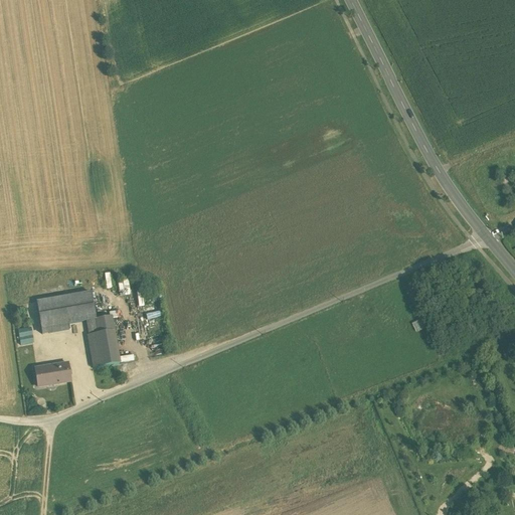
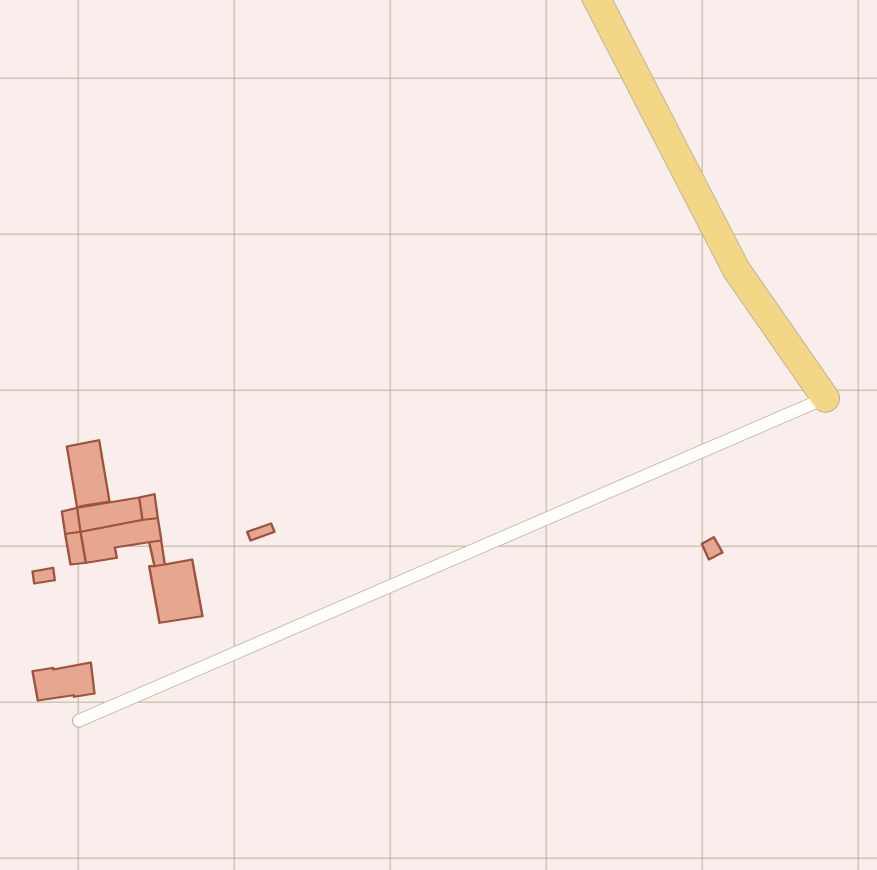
building: none -> [67,440,109,508]
building: [34,361,70,383] -> [33,663,94,700]

